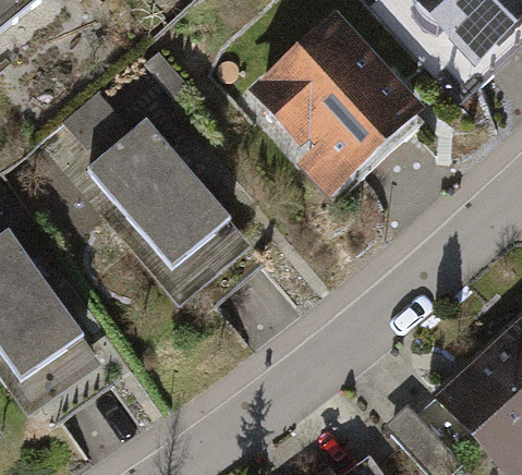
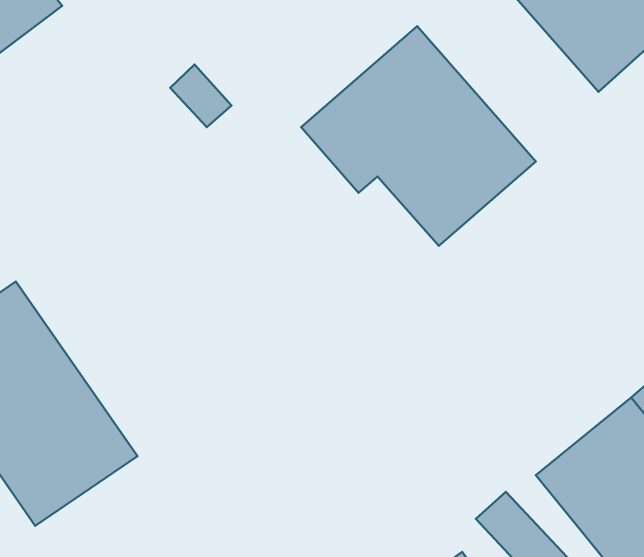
building: [74,120,256,310] -> none

